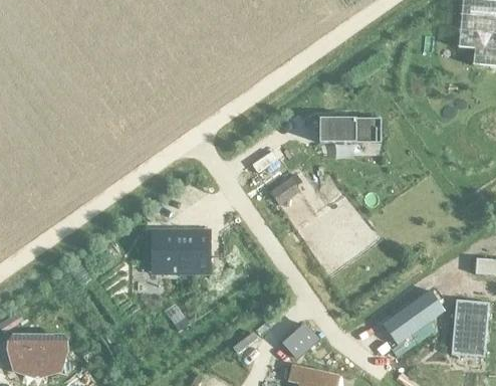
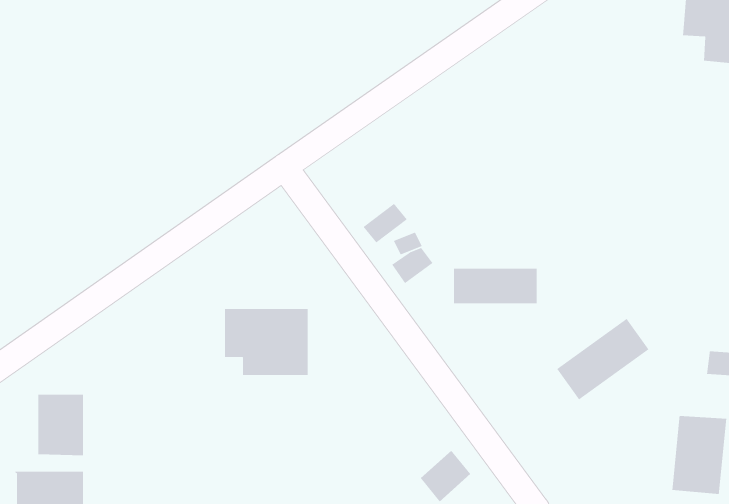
building: [319,118,376,142] -> [453,268,538,304]
building: none -> [37,394,84,456]
building: [382,288,444,344] -> [556,318,650,401]

